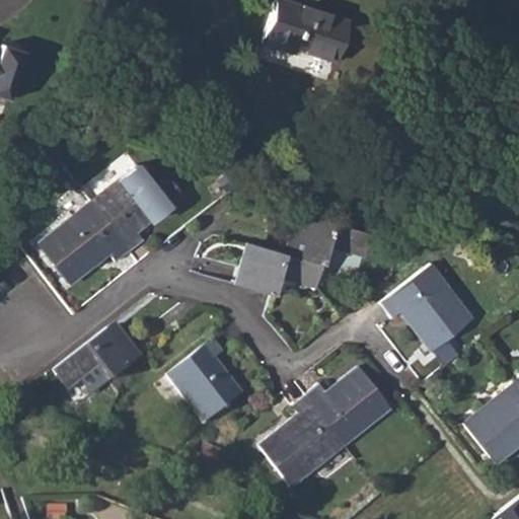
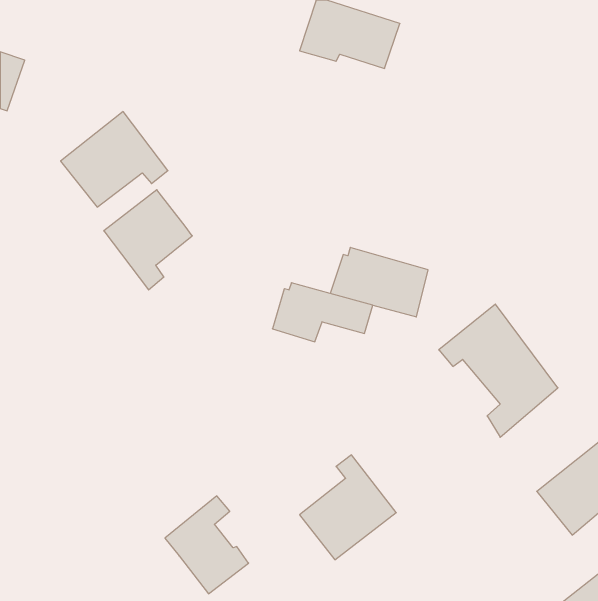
building: [40,200,132,282] -> [61,112,168,207]
building: [45,322,144,403] -> none
building: [169,338,241,422] -> [165,496,249,594]
building: [306,366,391,442] -> none

